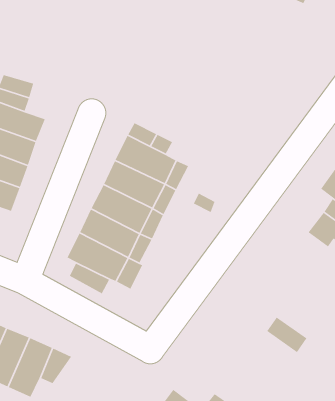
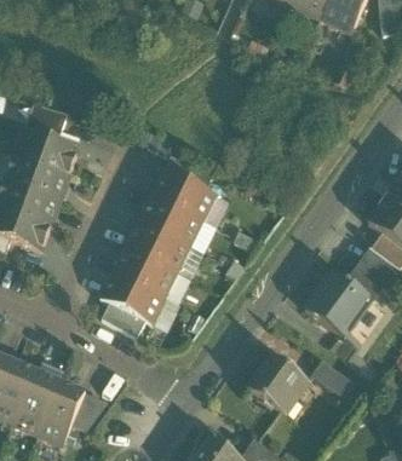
building: none -> [304,272,375,335]
building: none -> [247,356,309,413]

